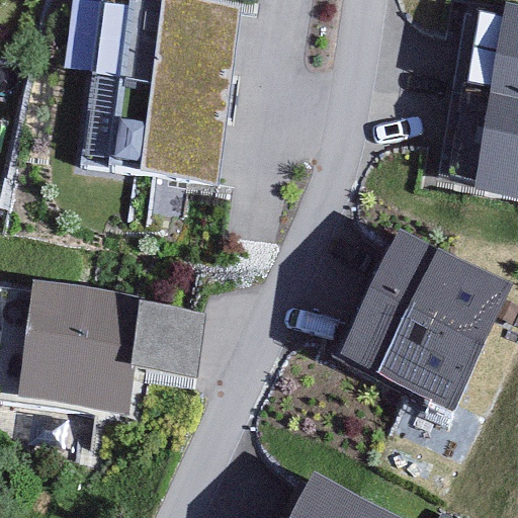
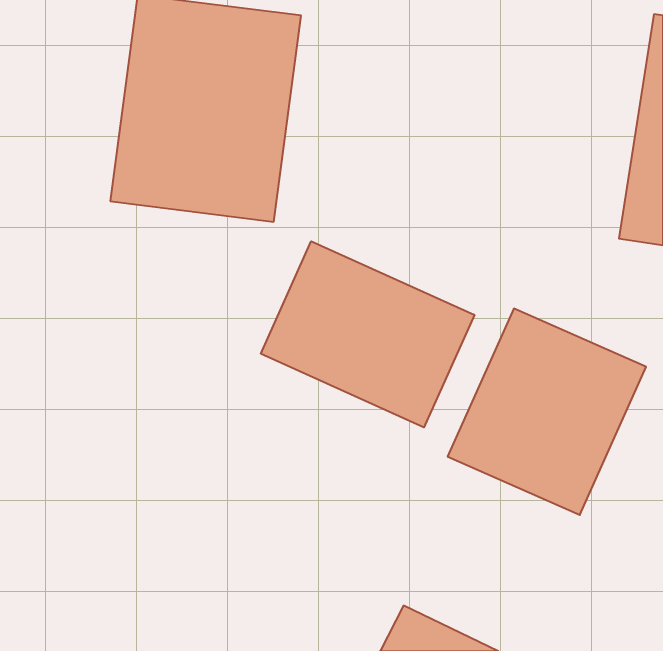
building: none -> [261,241,474,427]
building: [16,285,199,416] -> none

